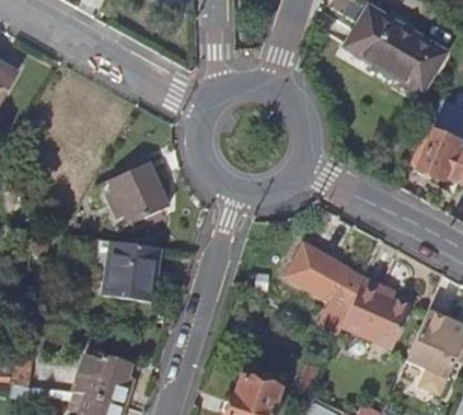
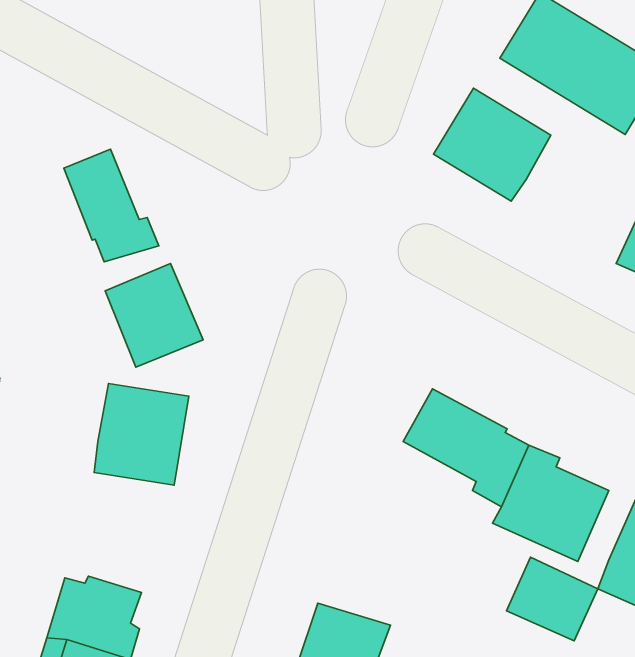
building: none -> [434,88,551,201]
building: none -> [64,149,159,262]
building: none -> [506,557,598,641]

